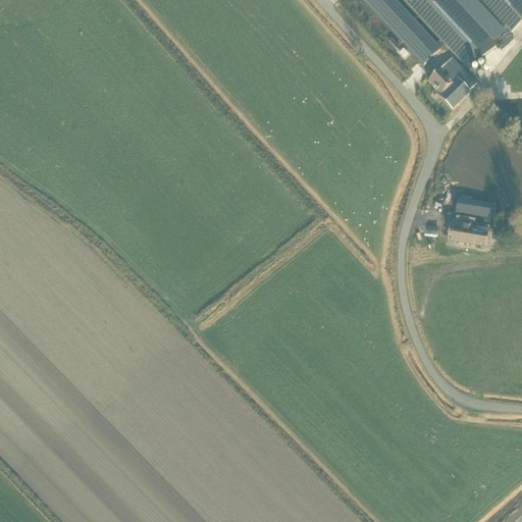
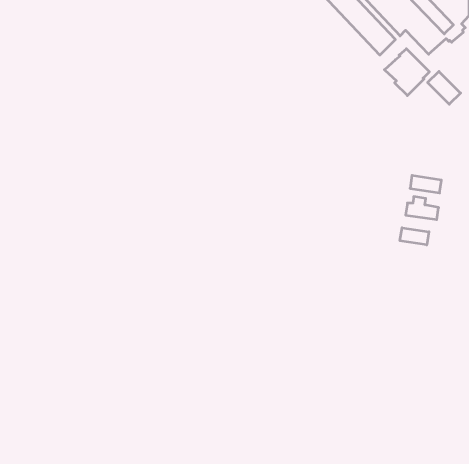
building: none -> [428,71,461,104]
building: none -> [400,228,429,245]

